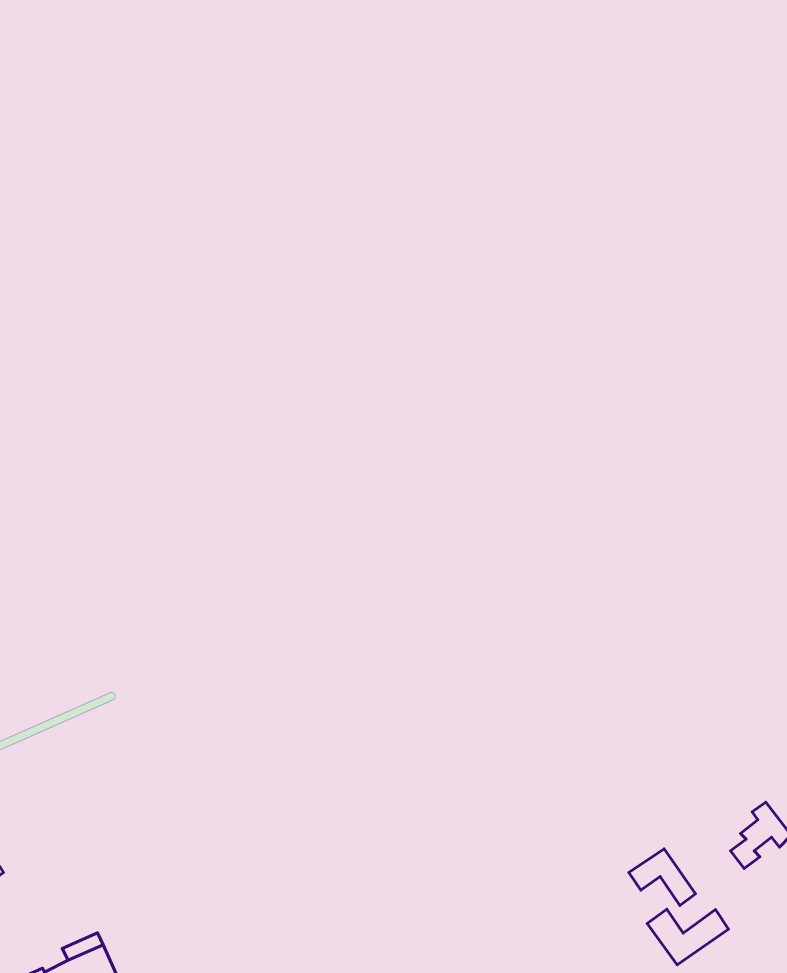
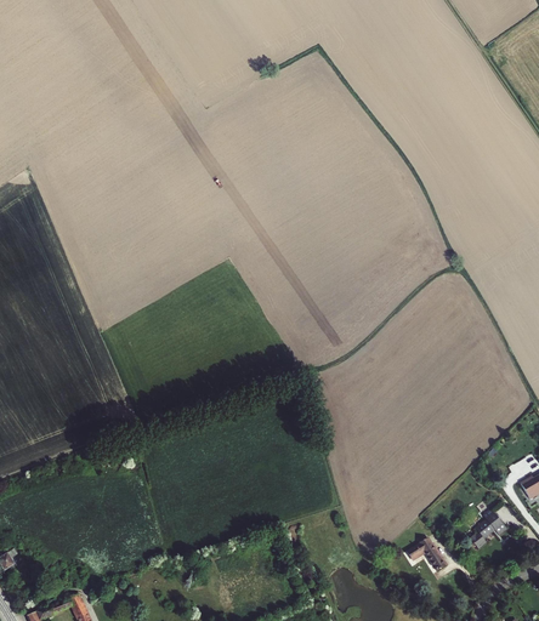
building: [647,909,728,965] -> none

